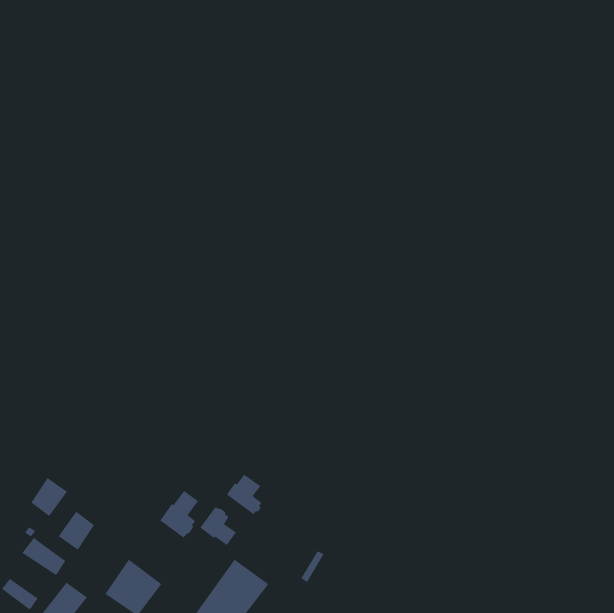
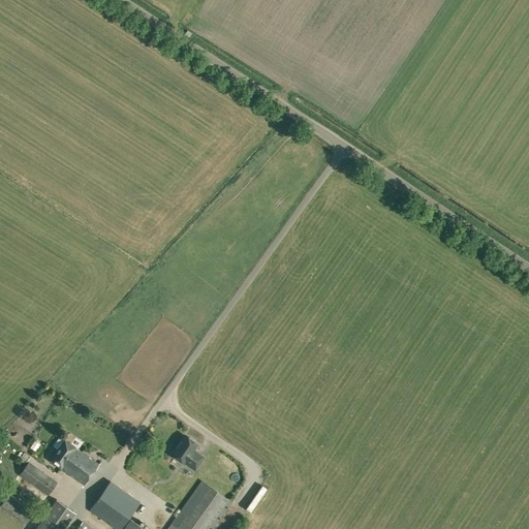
building: [226,474,262,515] -> none
building: [30,477,68,517] -> [67,453,99,487]
building: [160,490,199,538] -> none

